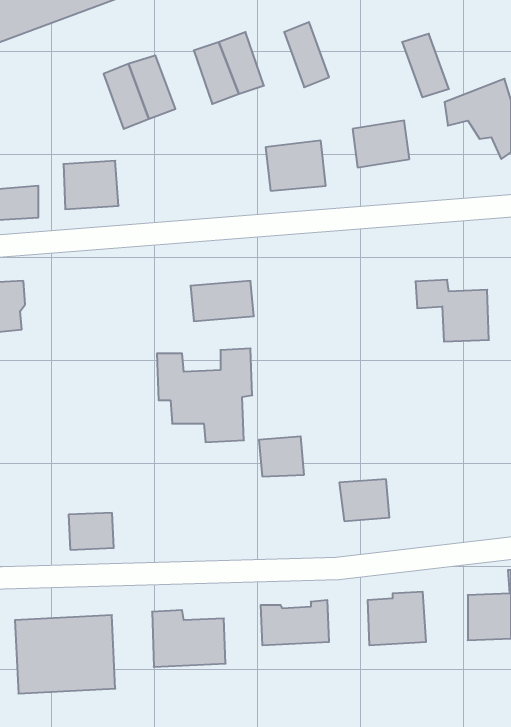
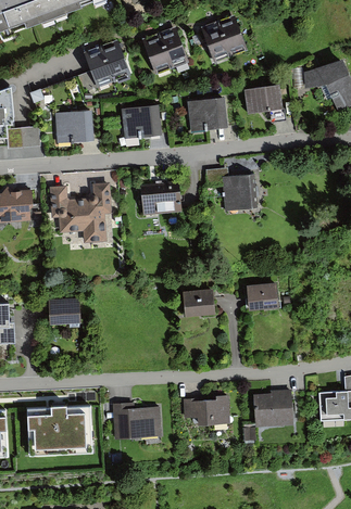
building: [402,34,449,97] -> [216,14,247,55]
building: none -> [120,103,161,138]
building: [415,280,489,342] -> [206,168,254,208]
building: [157,348,252,442] -> [50,182,112,243]
building: [339,479,389,521] -> [245,281,277,308]
building: [69,513,114,550] -> [50,300,79,323]

